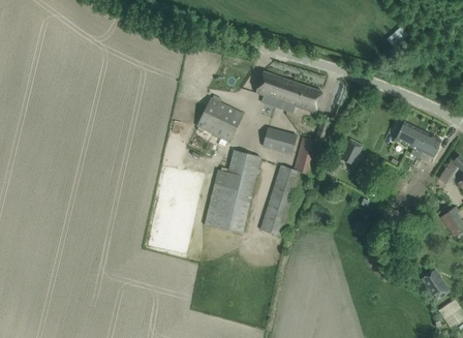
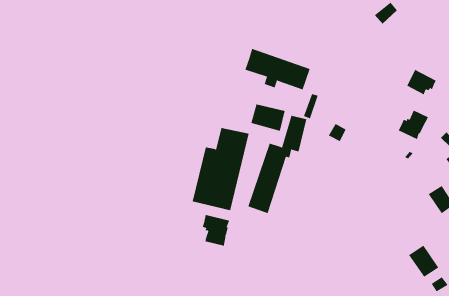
building: [197,97,243,141] -> none
building: [396,121,426,147] -> [407,69,436,95]
building: none -> [202,214,230,246]

